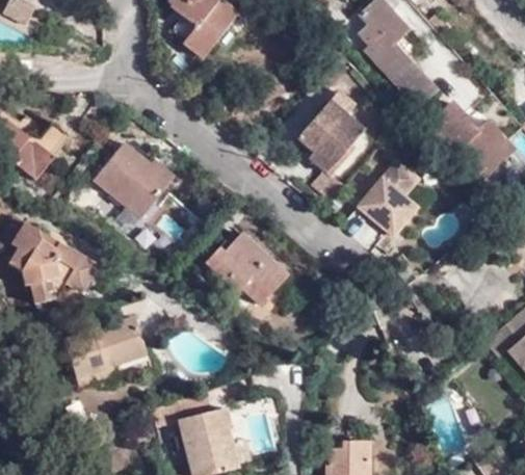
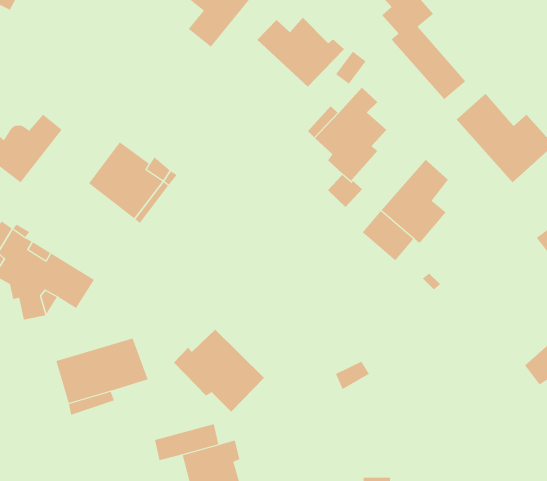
building: none -> [257,17,345,87]
building: [207,231,289,306] -> [173,329,265,413]

